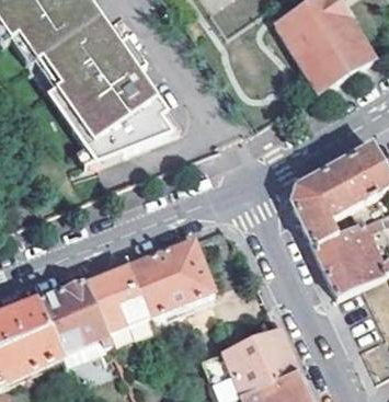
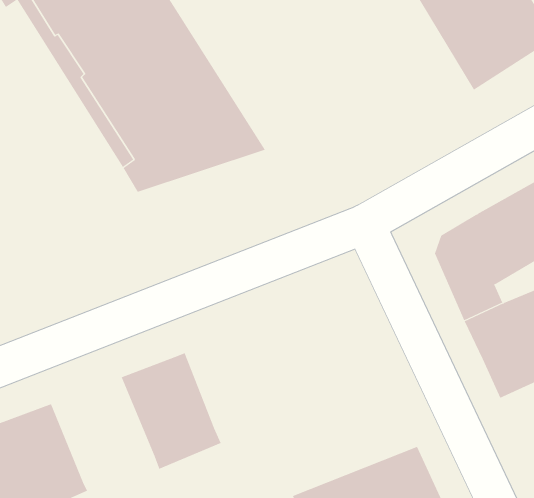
building: [126,240,215,317] -> none
building: [37,283,105,354] -> none

